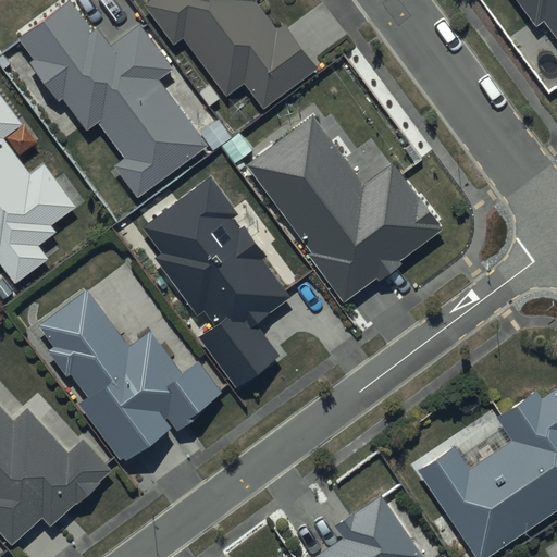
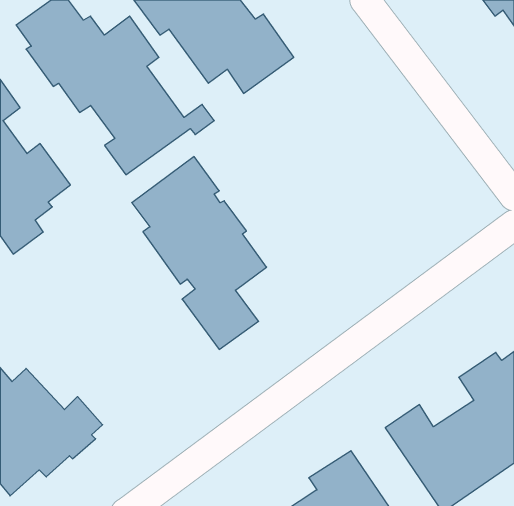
building: [248,119,442,302] -> none
building: [39,290,220,462] -> none

